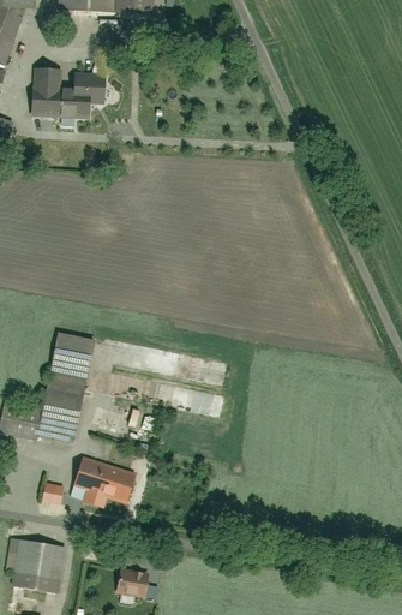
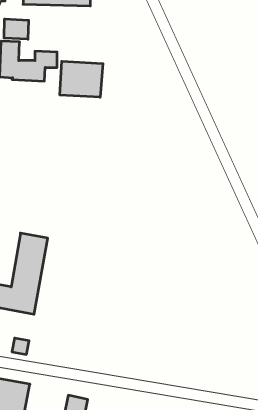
building: none -> [4,19,29,39]
building: none -> [60,61,103,97]
building: [73,454,136,501] -> none

